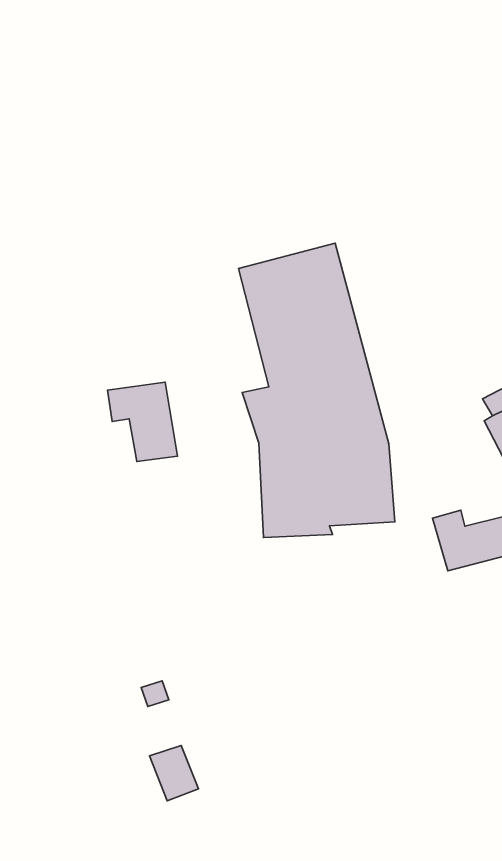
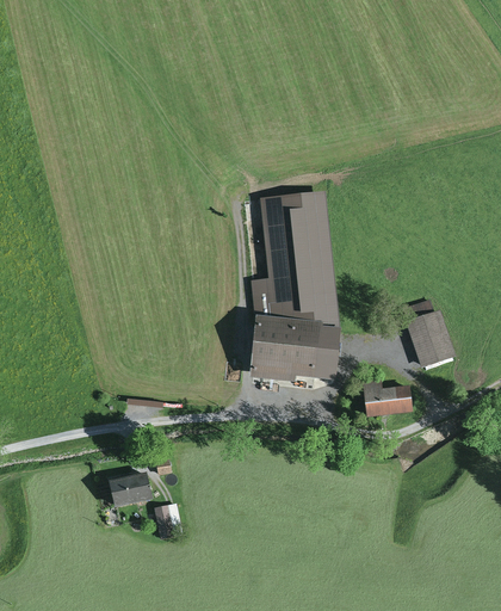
building: [107,382,178,461] -> none
building: none -> [107,470,151,505]

